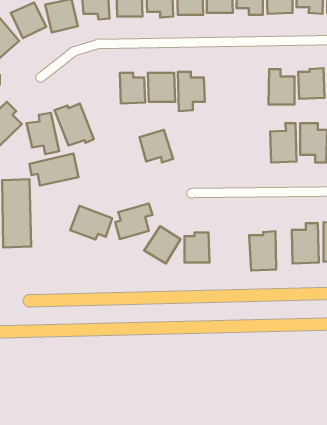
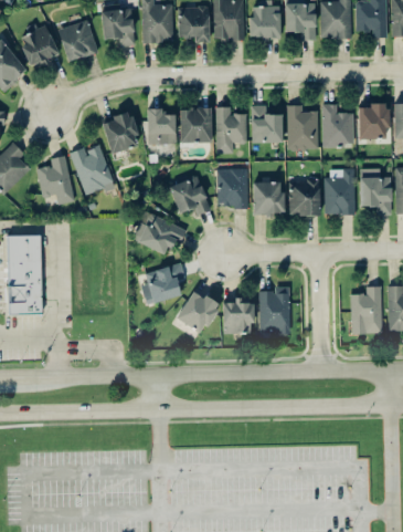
building: none -> [251,105,283,143]
building: none -> [287,105,318,150]
building: none -> [102,111,139,153]
building: none -> [218,168,248,208]
building: none -> [288,180,320,216]
building: none -> [253,181,284,215]
building: [29,154,79,186] -> none
building: [70,206,112,240] -> [135,213,184,253]
building: [249,231,276,271] -> [258,286,290,333]

